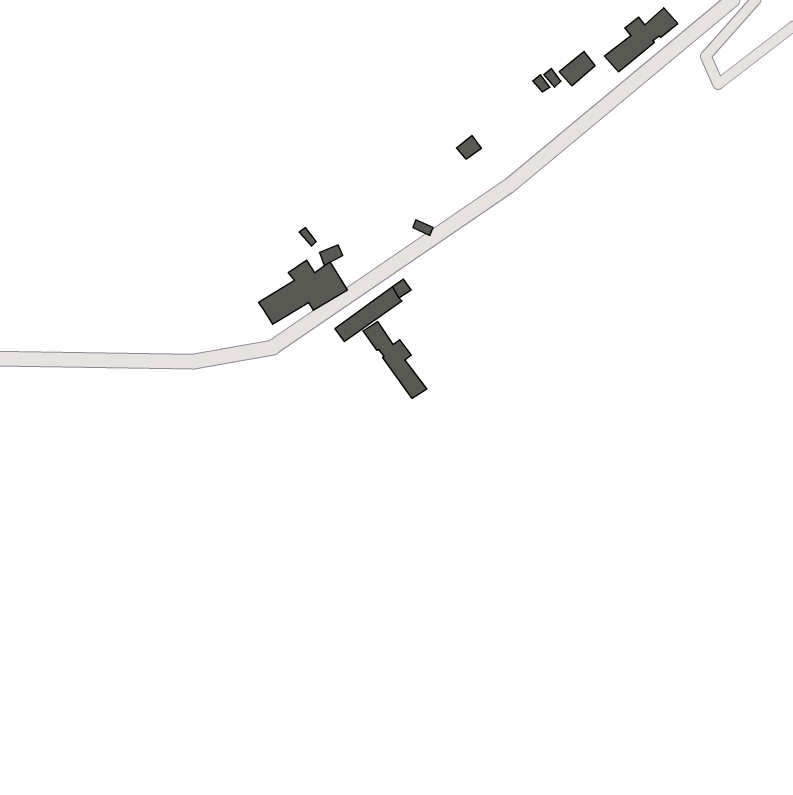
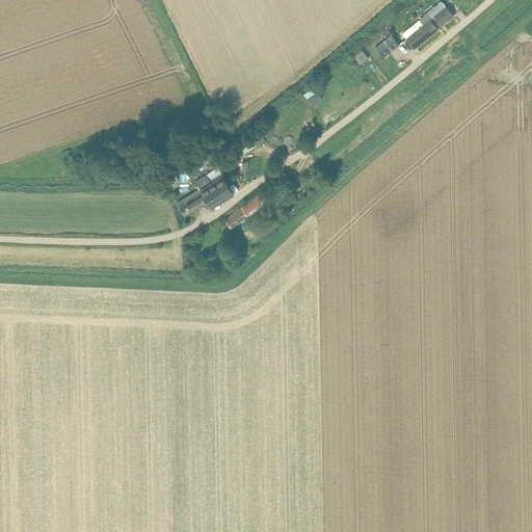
building: [363,322,427,398] -> none

